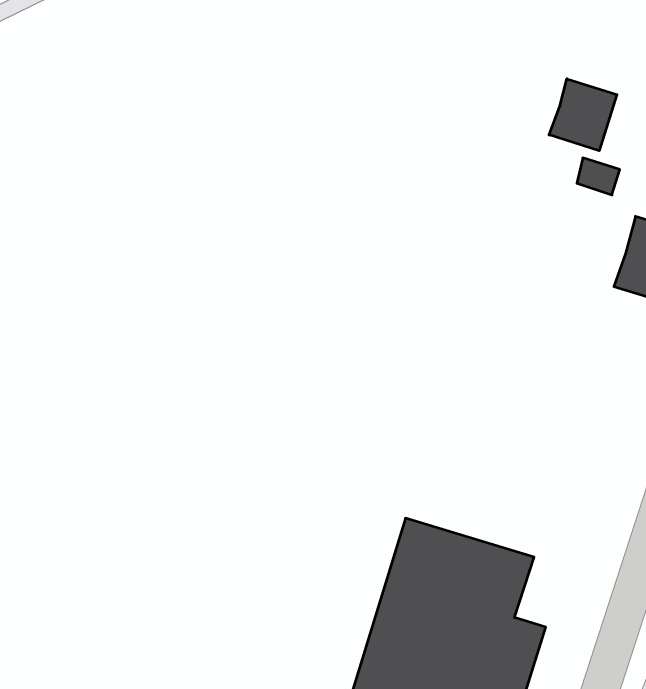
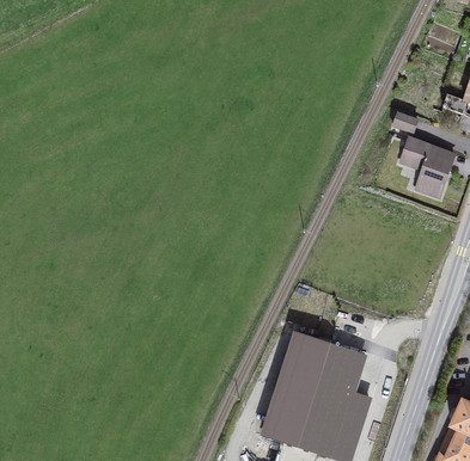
building: [549,79,617,151] -> none
building: none -> [395,139,426,168]

